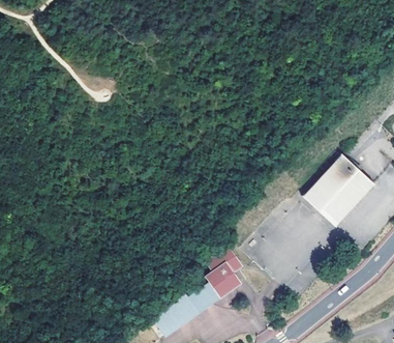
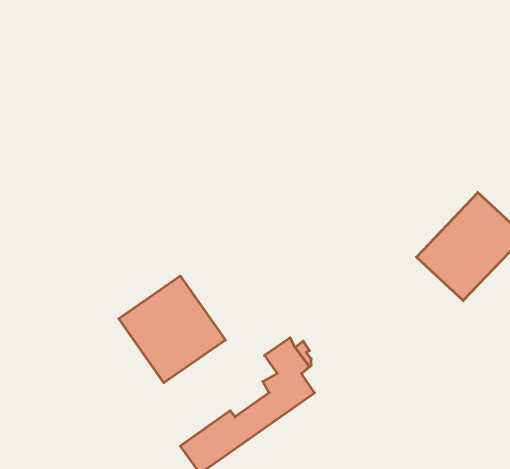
building: none -> [119,276,225,383]

